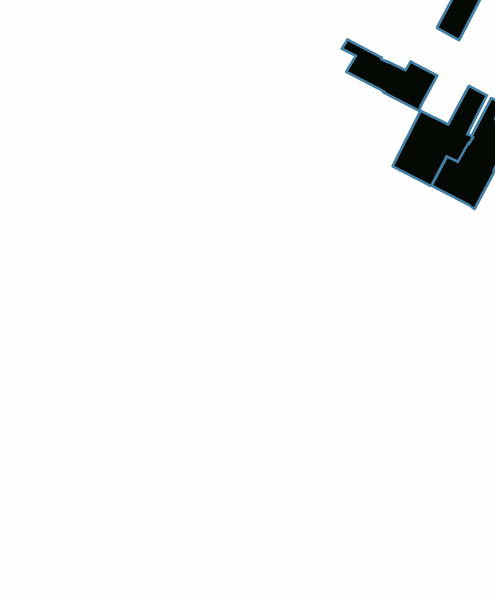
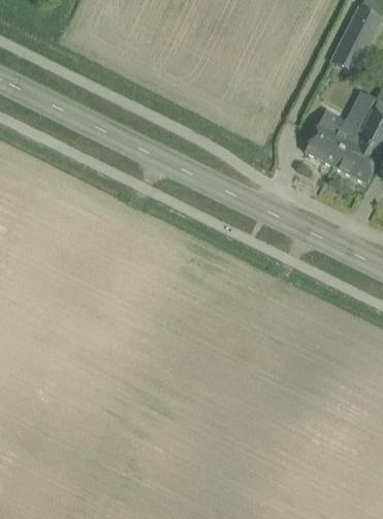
building: [342,39,437,111] -> none

